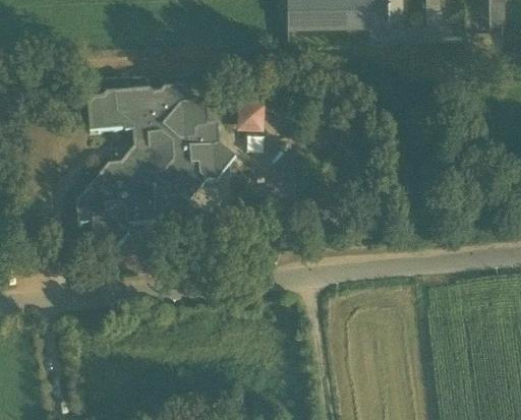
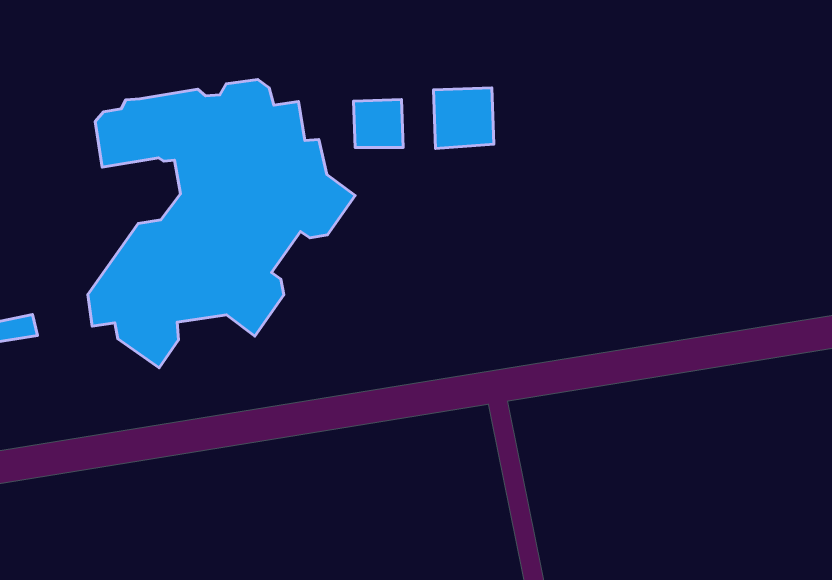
building: none -> [434,88,494,148]

